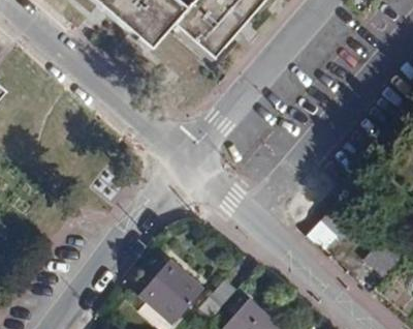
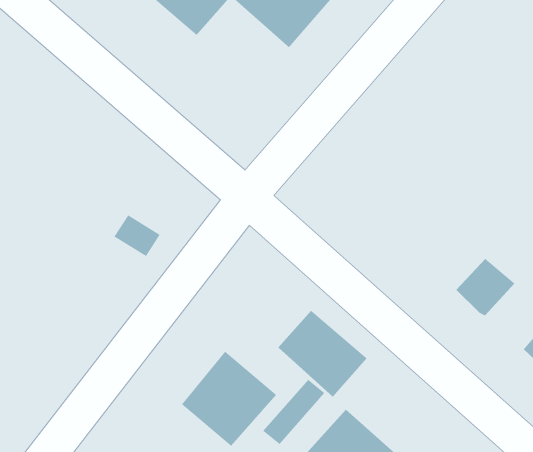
building: none -> [277,310,368,397]

